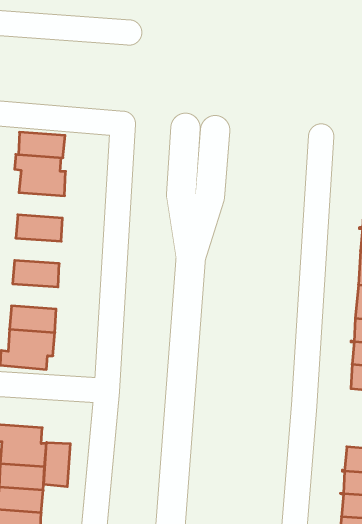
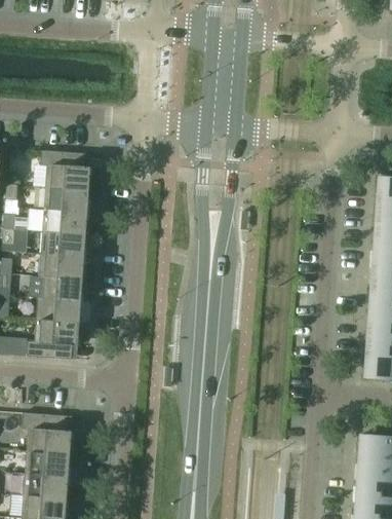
building: [18,132,65,158] -> [43,187,88,212]
building: none -> [40,231,85,256]
building: none -> [37,275,82,300]
building: [44,442,70,487] -> none

